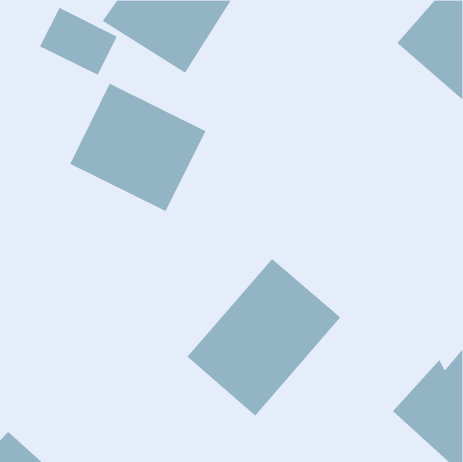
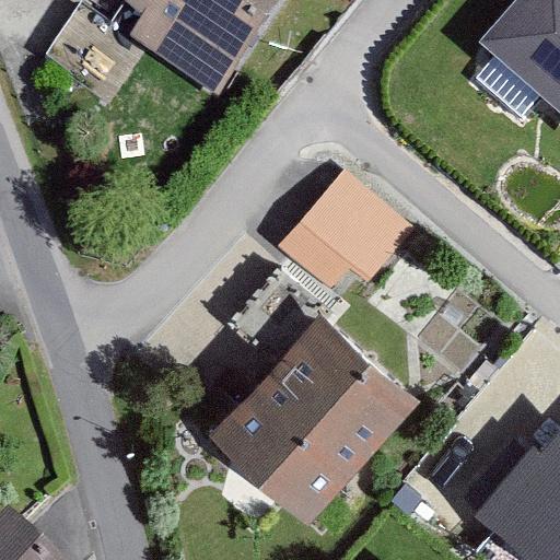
building: [69,83,206,212] -> none
building: none -> [278,172,411,306]

